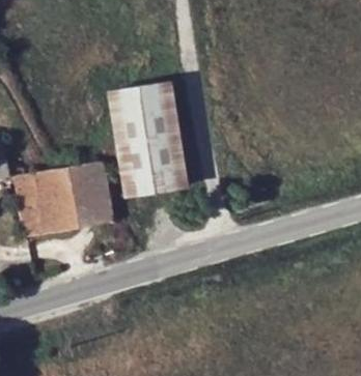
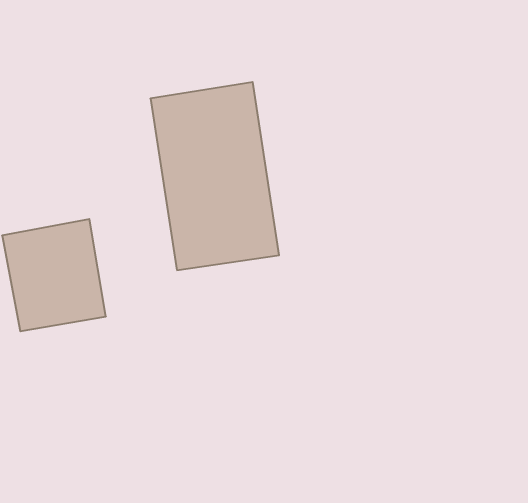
building: [70,162,111,228] -> none

